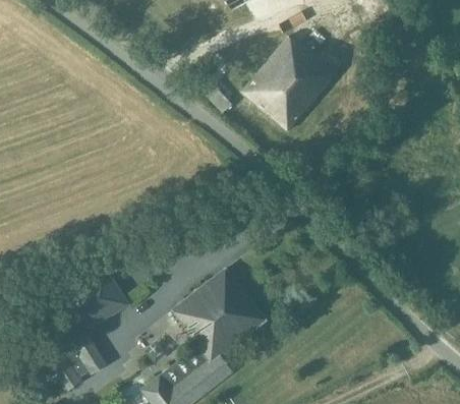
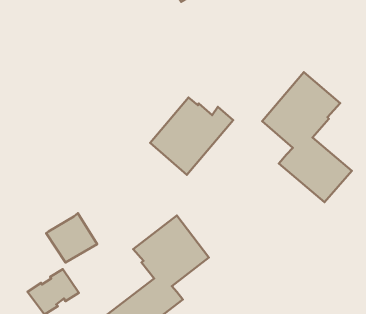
building: [243,37,344,130] -> [150,98,233,175]
building: none -> [262,72,352,202]

